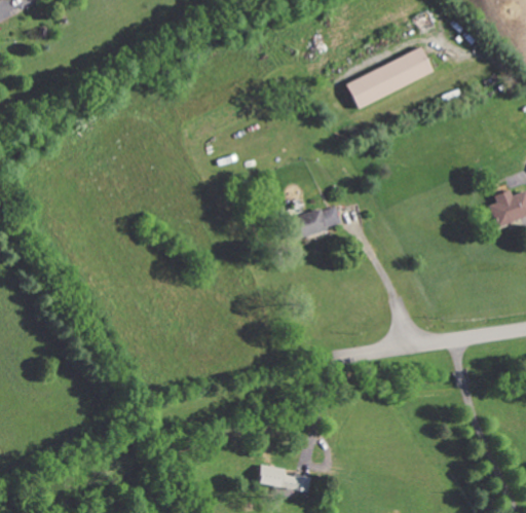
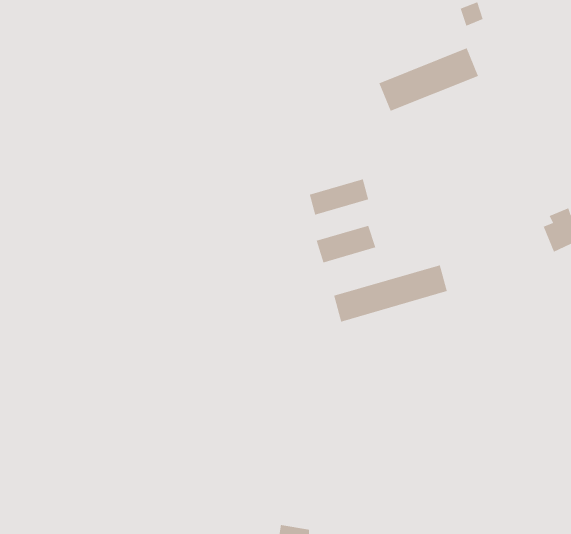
building: none -> [309,179,369,215]
building: none -> [333,264,448,323]

